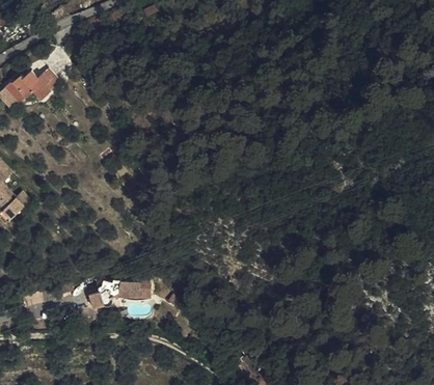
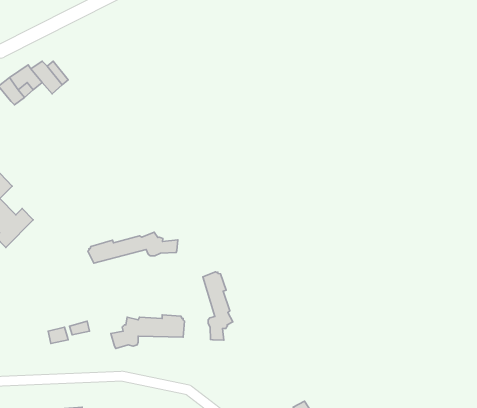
building: none -> [88,232,178,263]
building: none -> [203,272,233,340]

